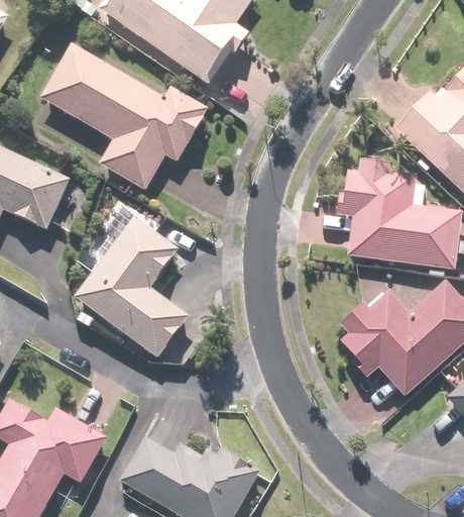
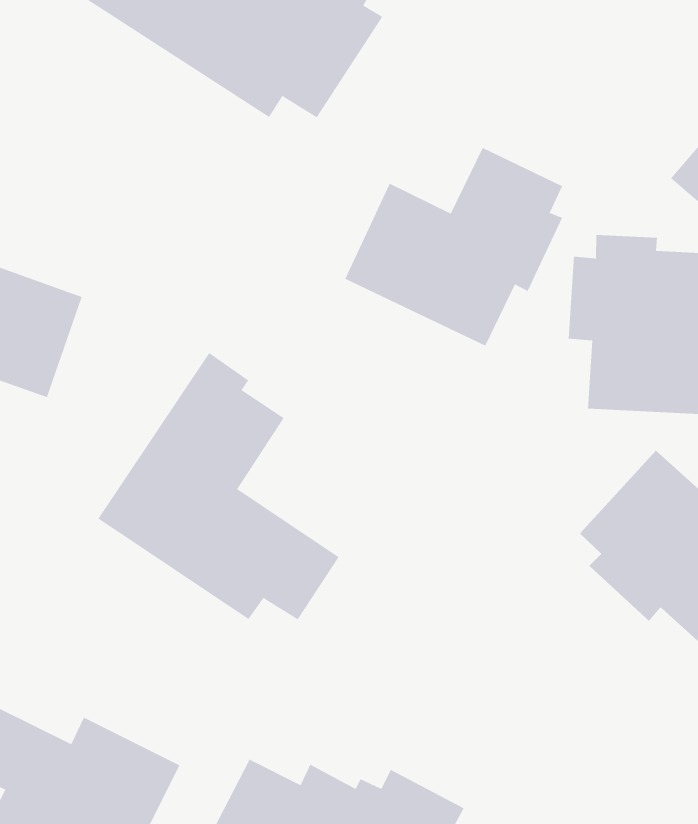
building: [37,33,210,192] -> none
building: none -> [345,147,563,347]

